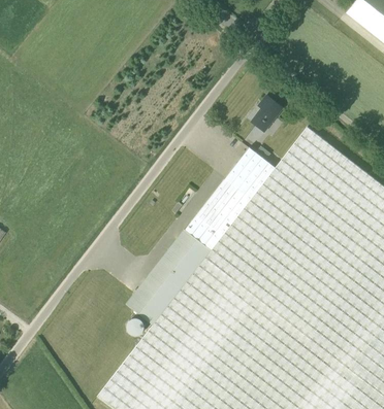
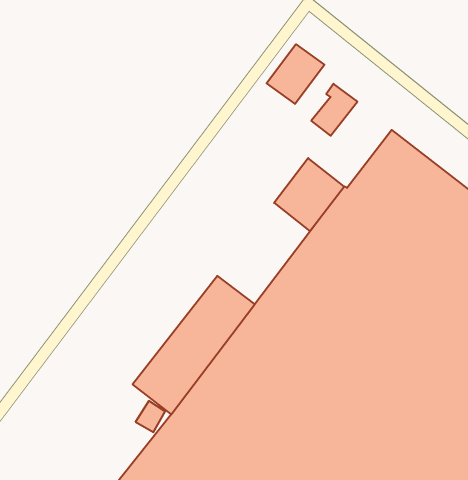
building: none -> [267,44,324,104]
building: [186,178,250,248] -> none

